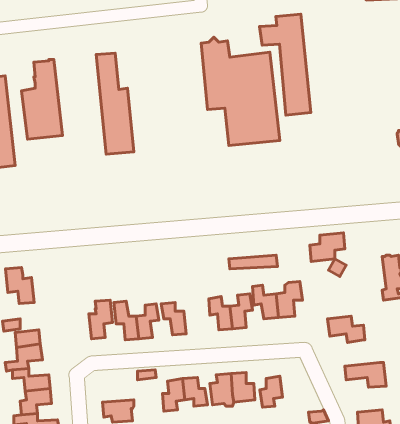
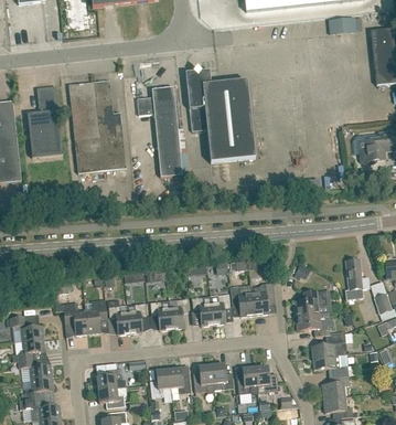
building: [260,14,311,115] -> [137,87,182,177]
building: none -> [68,82,101,173]
building: [310,233,345,261] -> [296,290,327,316]
building: [5,267,34,304] -> [63,302,88,334]
building: none -> [169,298,189,329]
building: none -> [311,333,345,358]
building: none -> [255,365,278,393]
building: none -> [97,368,126,390]
building: none -> [322,375,350,399]

